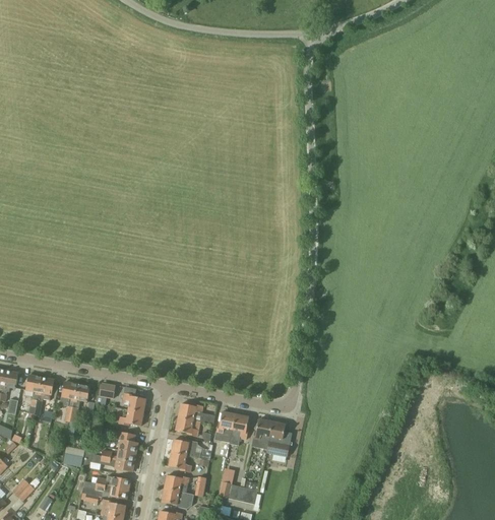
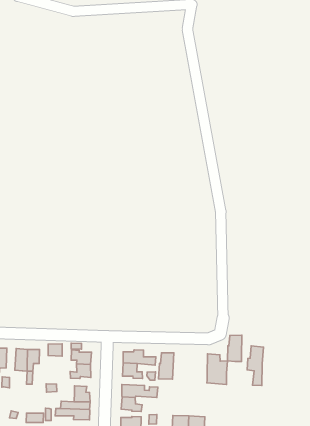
building: [229,414,248,446] -> none
building: [251,419,271,450] -> [227,335,242,362]
building: none -> [247,346,263,386]

